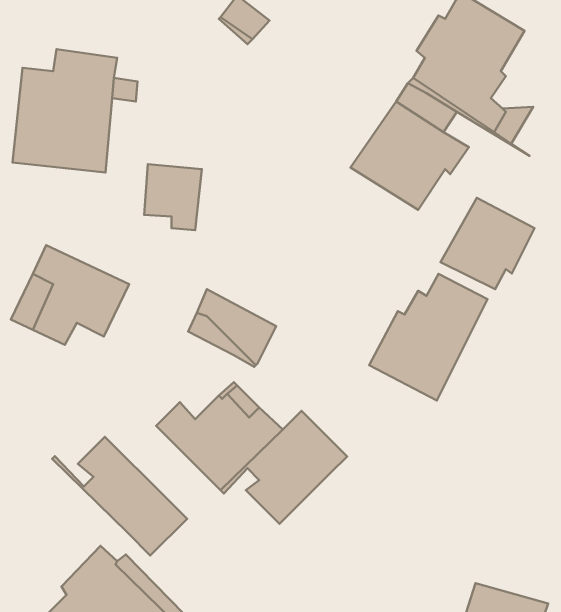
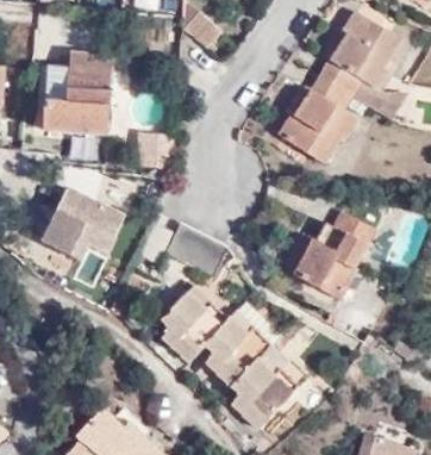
building: [441,198,534,289] -> none
building: [52,437,187,556] -> none
building: none -> [229,350,301,431]

